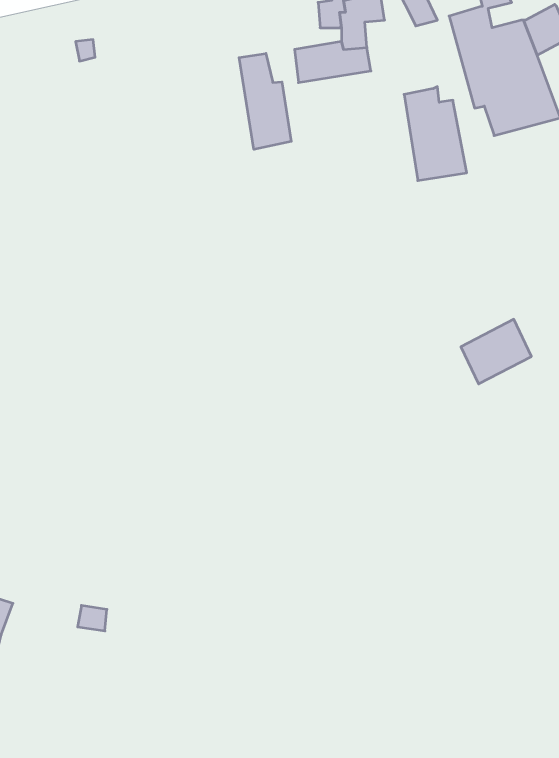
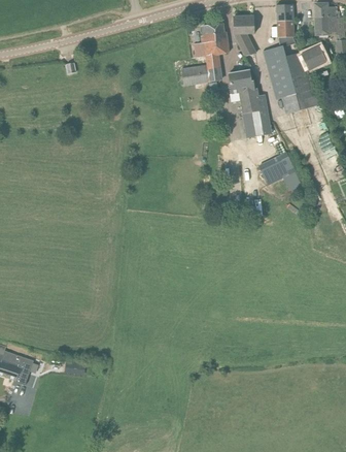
building: none -> [229,69,254,92]
building: [239,53,291,149] -> none
building: [461,319,531,384] -> [258,151,296,185]

